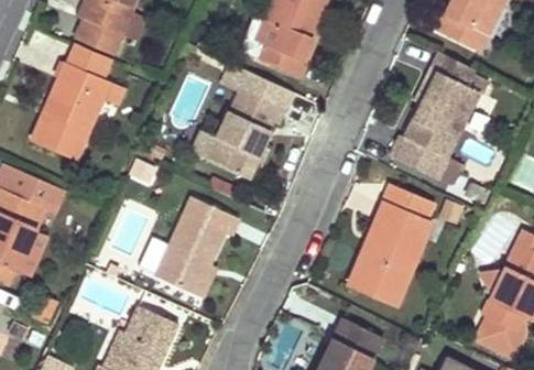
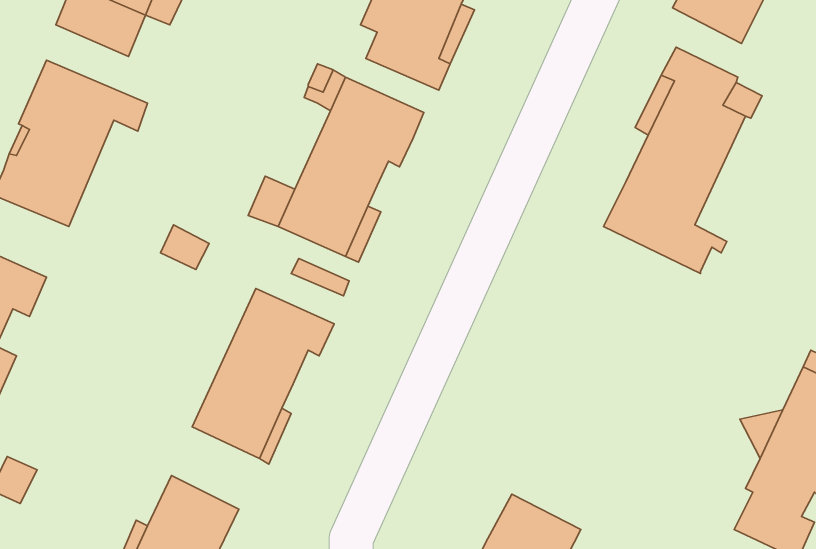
building: [355,187,435,304] -> none

